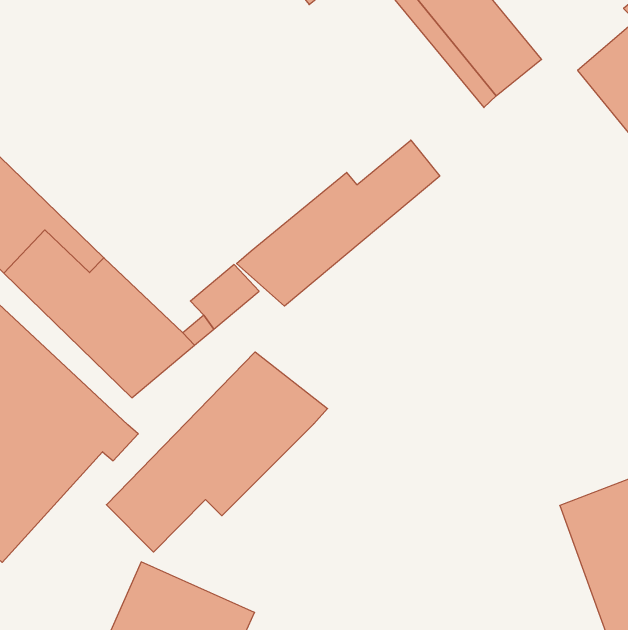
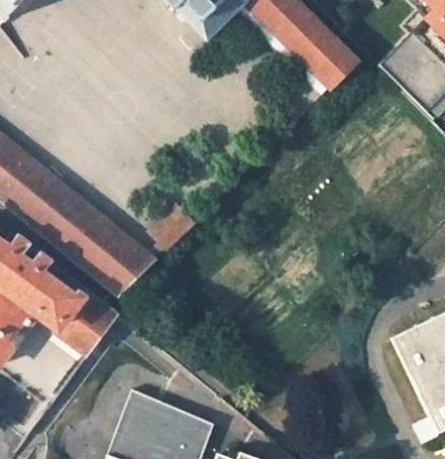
building: [237,140,440,306] -> none
building: [106,352,328,552] -> none

